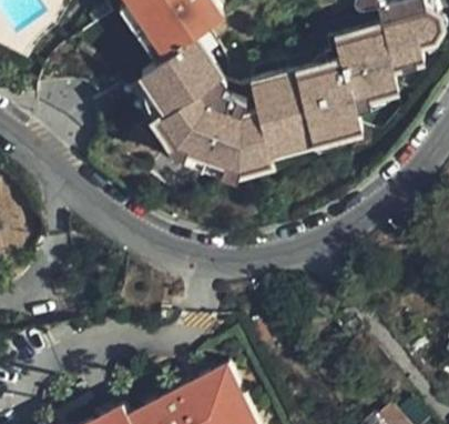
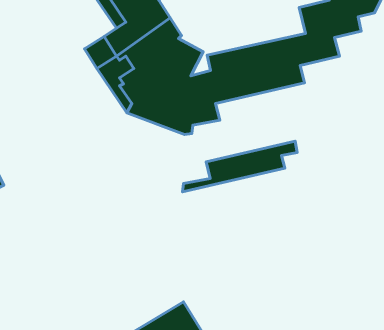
building: [233,117,356,171] -> [182,141,297,192]

